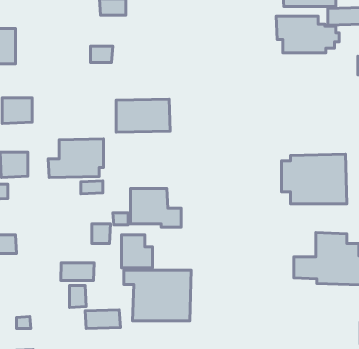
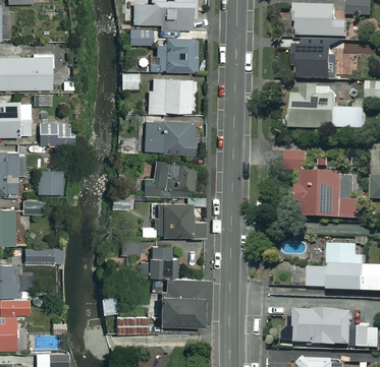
building: none -> [155,38,196,71]
building: none -> [146,75,194,112]
building: none -> [288,86,359,129]
building: none -> [280,150,305,169]
building: [48,139,103,178] -> [142,161,193,196]
building: [61,263,94,281] -> none
building: none -> [293,310,350,345]

